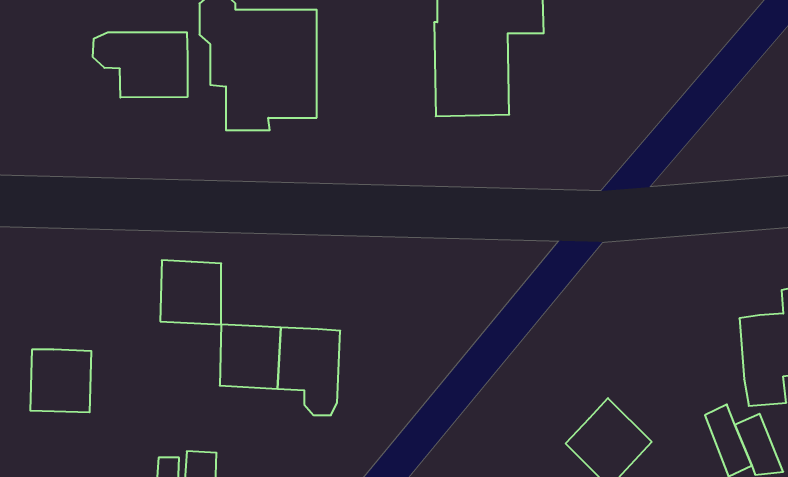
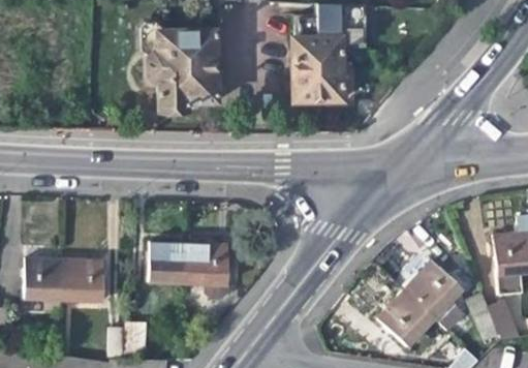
building: [93,32,188,98] -> none
building: [160,260,221,324] -> [65,256,105,299]
building: none -> [407,262,462,316]

